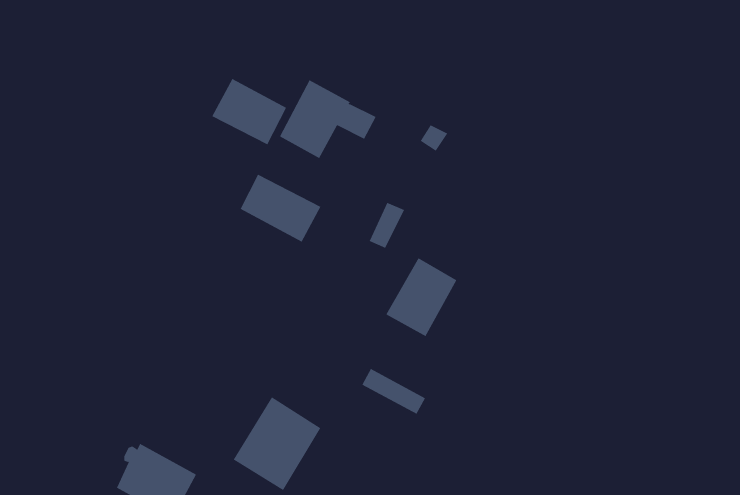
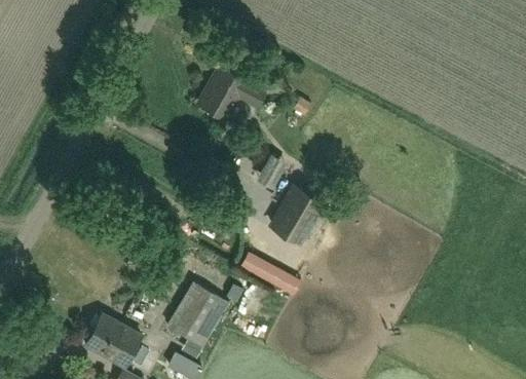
building: [212,78,287,145] -> none
building: [240,174,321,242] -> none

